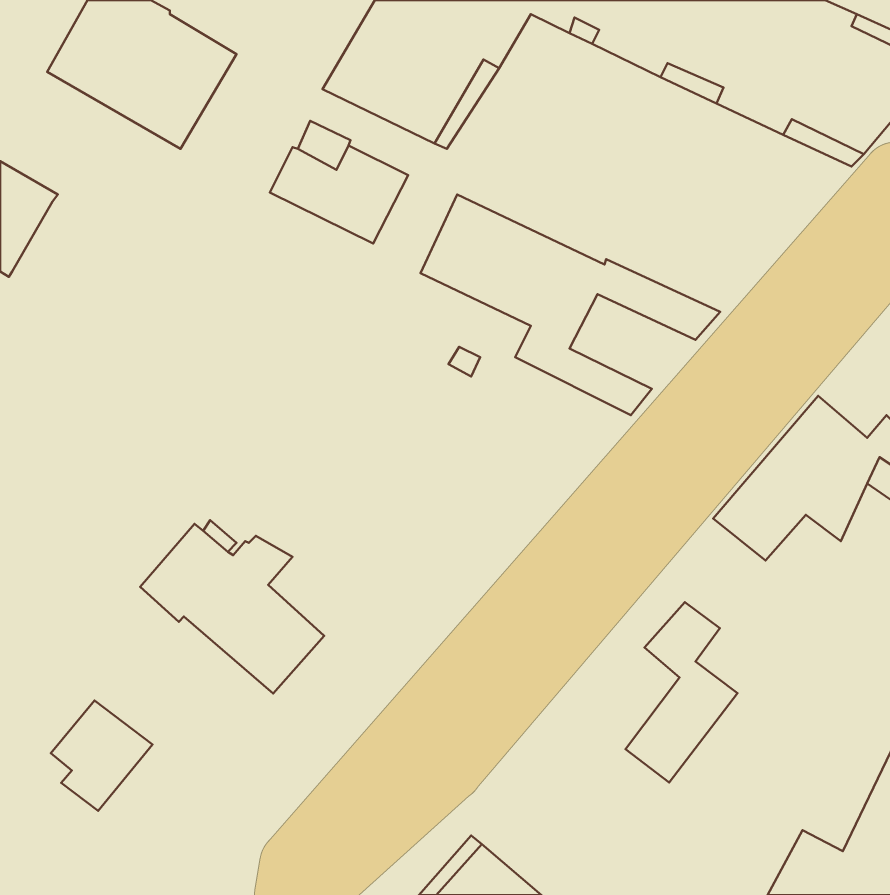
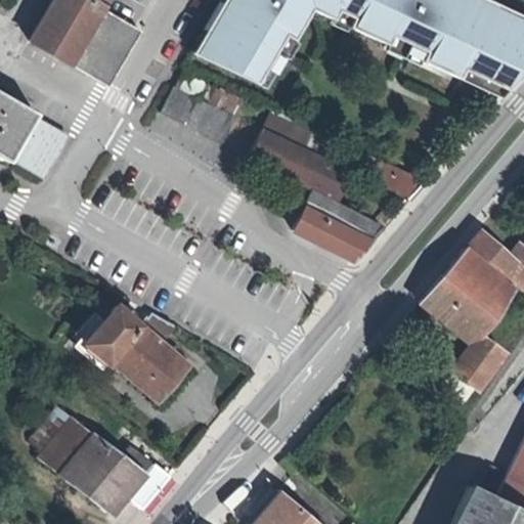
building: none -> [10,118,69,178]
building: none -> [294,209,372,261]
building: [625,602,737,782] -> [439,301,505,406]
building: none -> [60,435,169,514]

